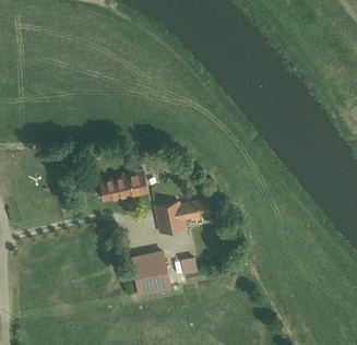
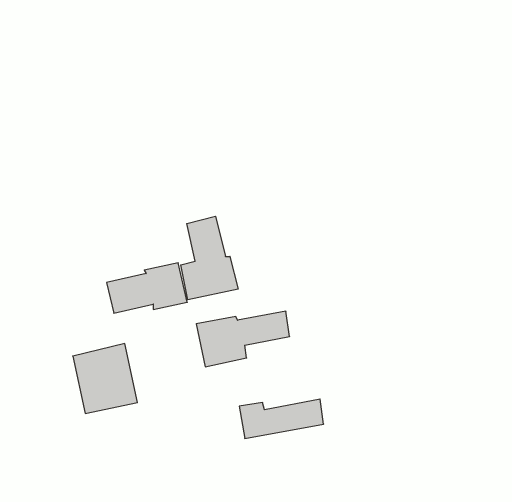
building: none -> [181,216,238,300]
building: [131,248,170,290] -> [73,344,137,413]

